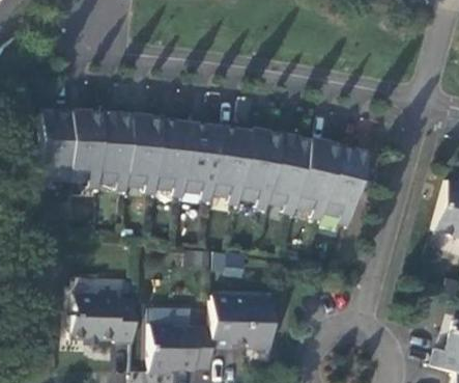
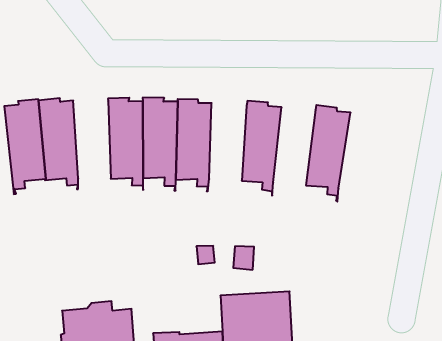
building: [102,113,134,195] -> none
building: [214,126,253,209] -> none
building: [269,134,312,219] -> none
building: [325,144,371,229] -> none

